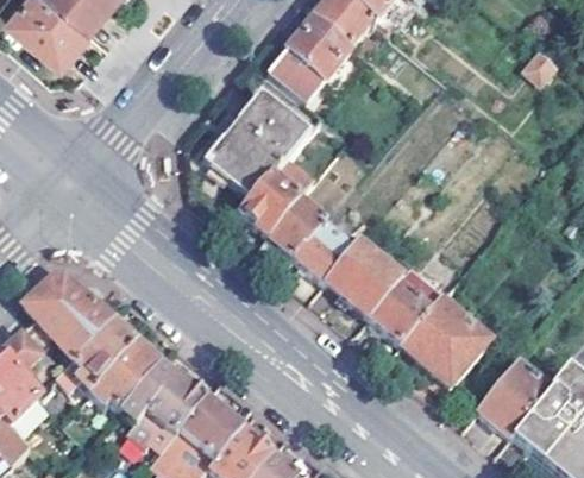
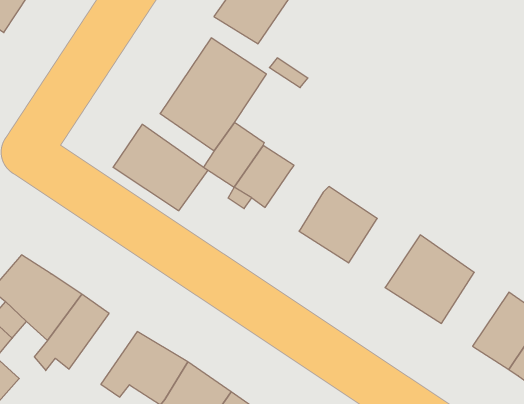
building: none -> [113,124,208,211]
building: [296,221,353,281] -> none
building: [370,265,445,344] -> none
building: [92,339,161,405] -> none

